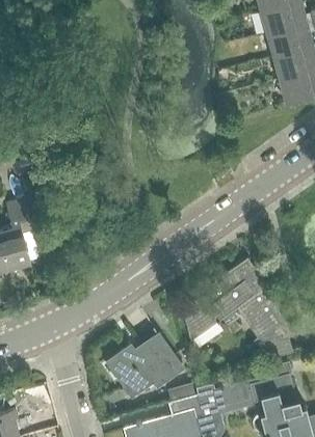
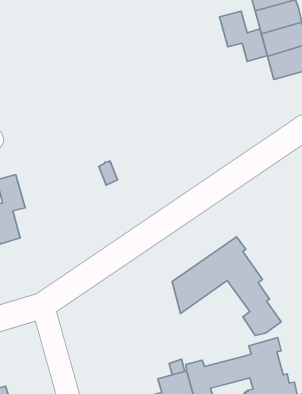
building: none -> [220,11,267,61]
building: [108,333,182,395] -> none

